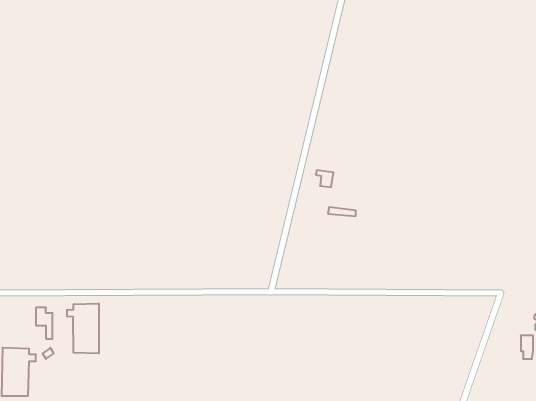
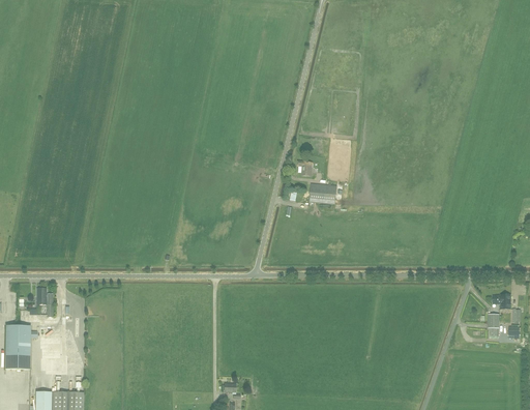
building: [67,303,99,353] -> none

